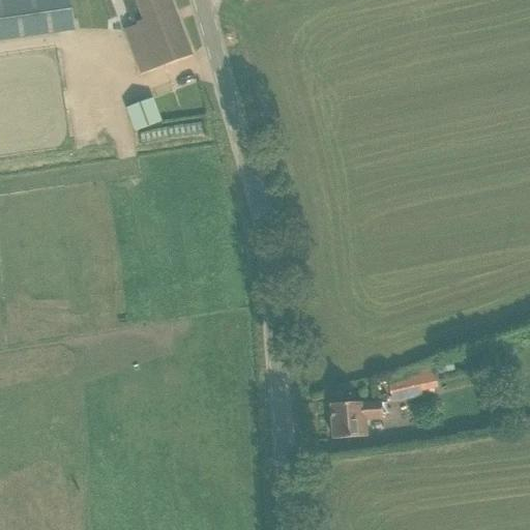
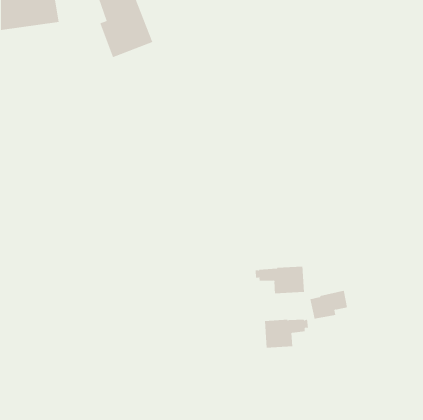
building: [126,96,161,129] -> none
building: none -> [255,266,304,294]

